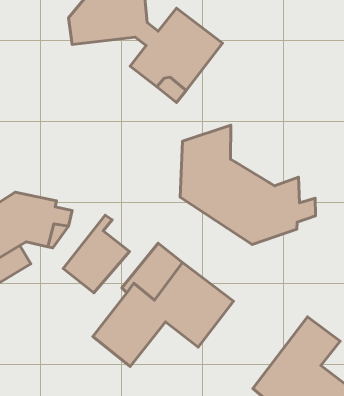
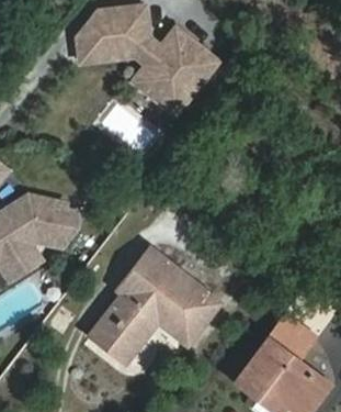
building: [180,125,316,244] -> none
building: [63,215,130,293] -> none

